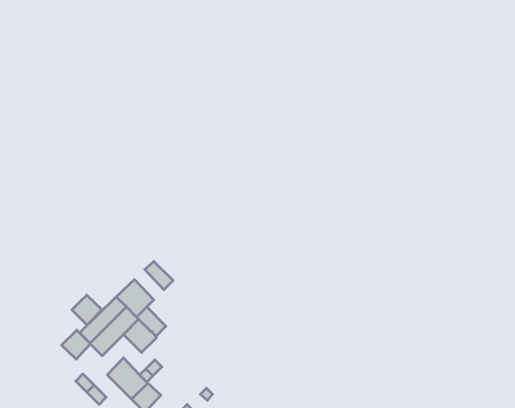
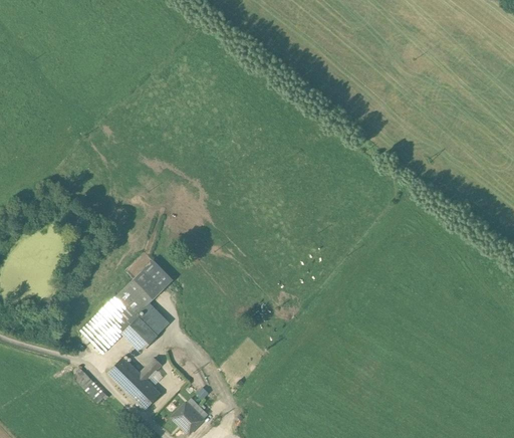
building: none -> [135,268,164,298]
building: [72,295,102,325] -> none
building: [62,330,90,359] -> none

